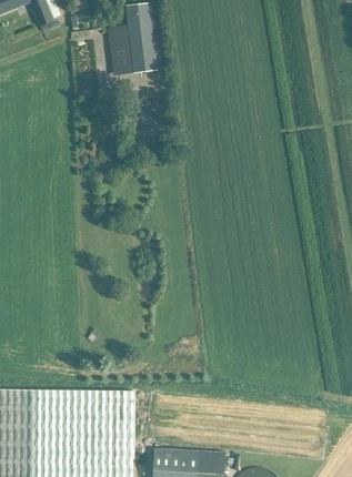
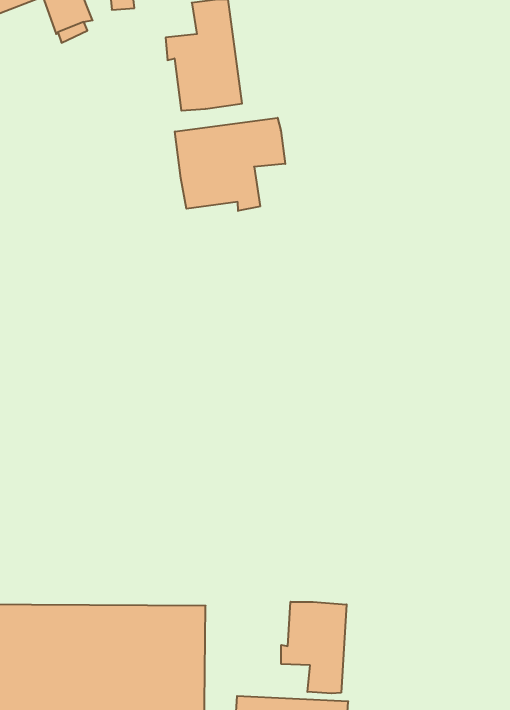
building: none -> [175,118,285,211]
building: none -> [281,602,347,693]

